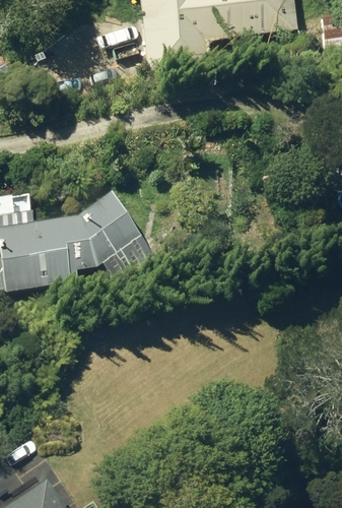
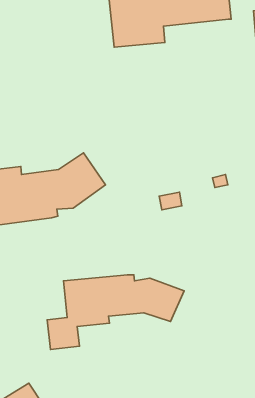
building: none -> [47,275,184,350]

